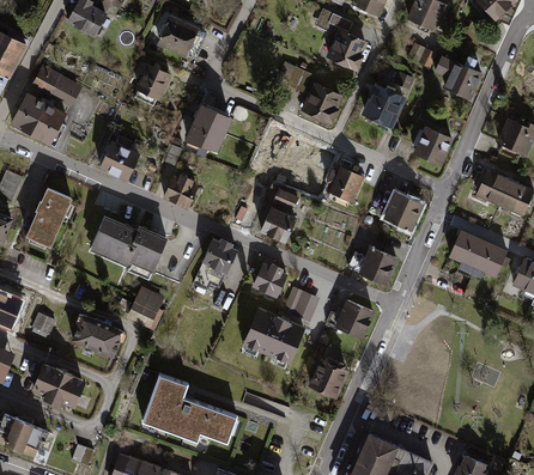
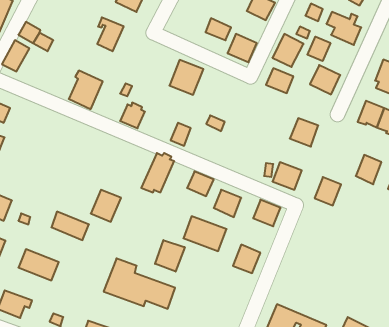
building: none -> [307,37,330,61]
building: [29,102,63,145] -> none
building: [187,104,231,150] -> [169,60,203,95]
building: [326,166,362,199] -> [266,68,293,93]
building: [24,185,72,245] -> none
building: [260,208,295,242] -> none
building: [93,215,165,267] -> none
building: [448,231,483,268] -> [315,177,341,205]
building: none -> [155,240,185,272]

